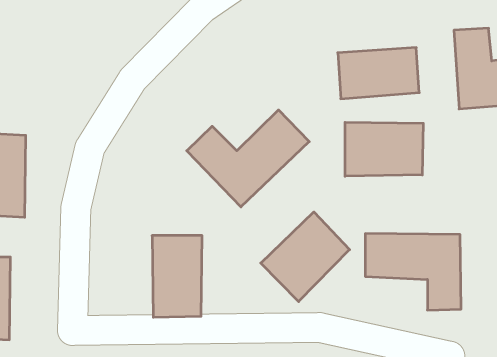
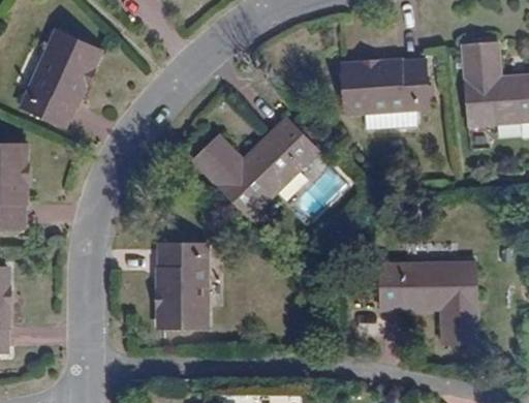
building: none -> [29,41,103,134]
building: [345,122,423,176] -> none
building: [261,212,350,302] -> none

